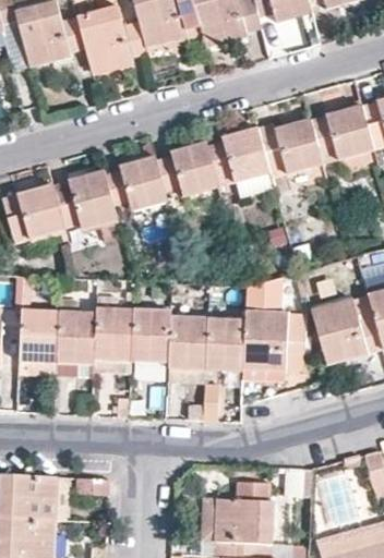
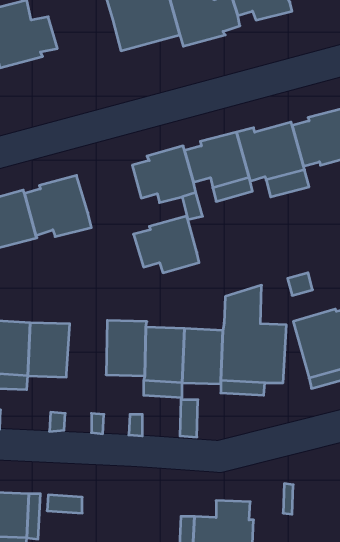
building: [76,5,147,72] -> none
building: [105,156,168,210] -> [133,216,199,273]
building: [94,307,133,361] -> none

